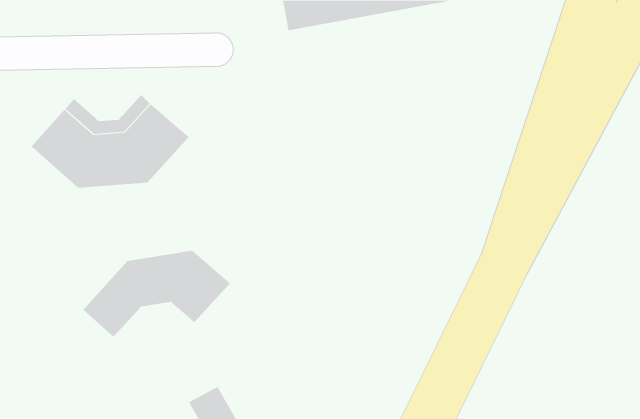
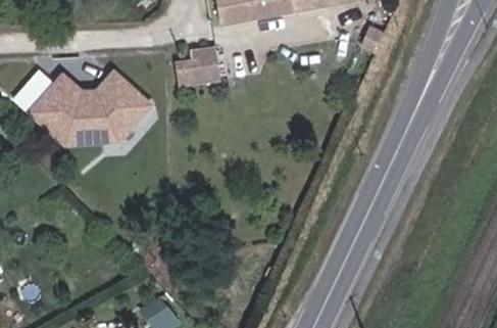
building: none -> [173,48,219,85]
building: [83,250,231,338] -> none

